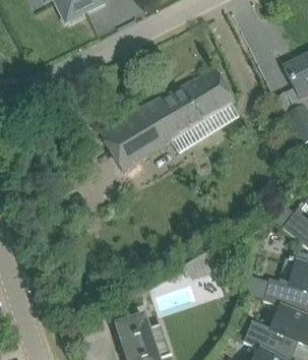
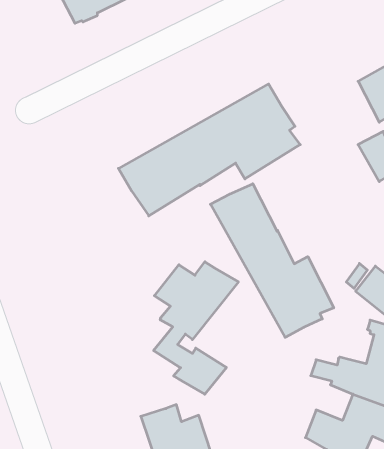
building: none -> [210,184,334,337]
building: none -> [154,262,238,394]

